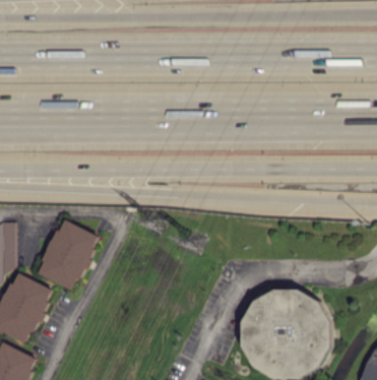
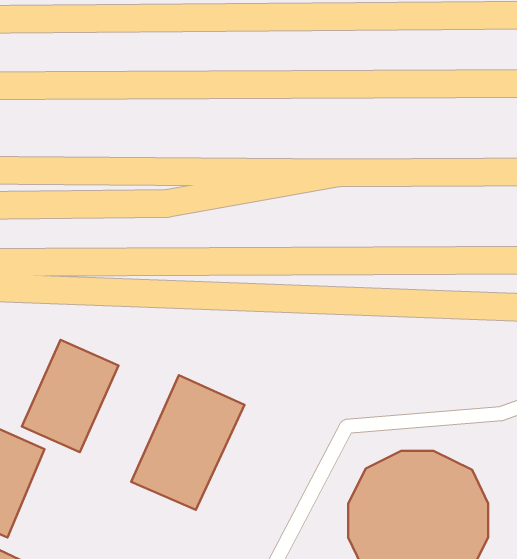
building: none -> [131,375,245,510]

